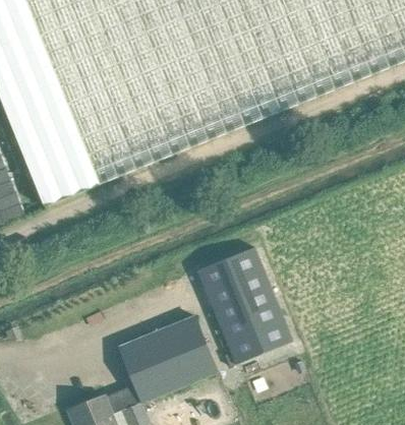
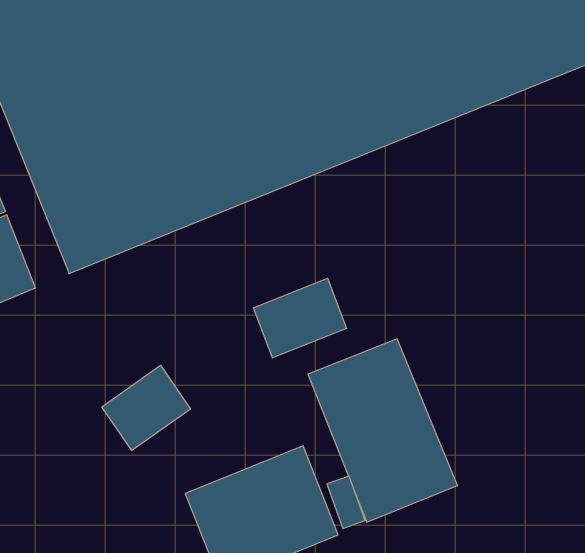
building: none -> [254,278,346,358]
building: none -> [102,365,190,451]

